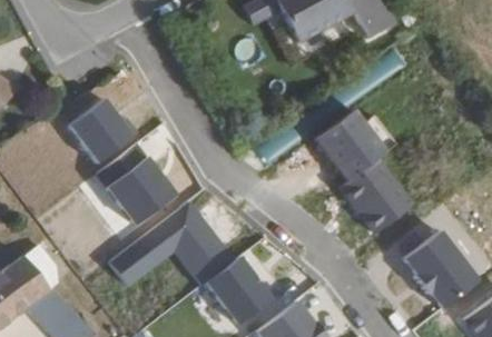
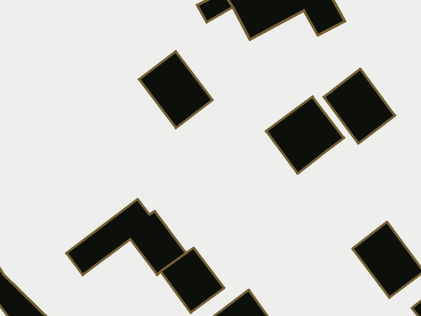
building: [68,98,131,161] -> none
building: [96,145,171,224] -> [139,51,212,128]
building: [338,157,412,234] -> [324,69,395,143]

